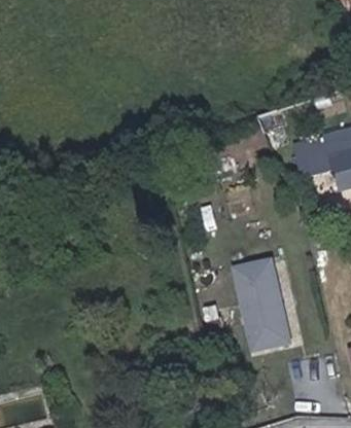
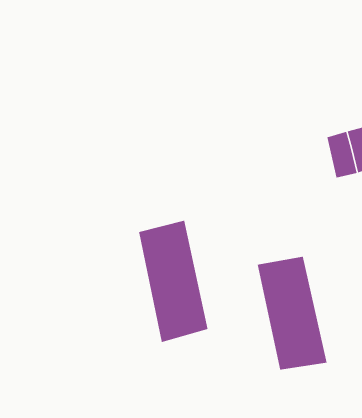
building: none -> [138,220,208,343]

